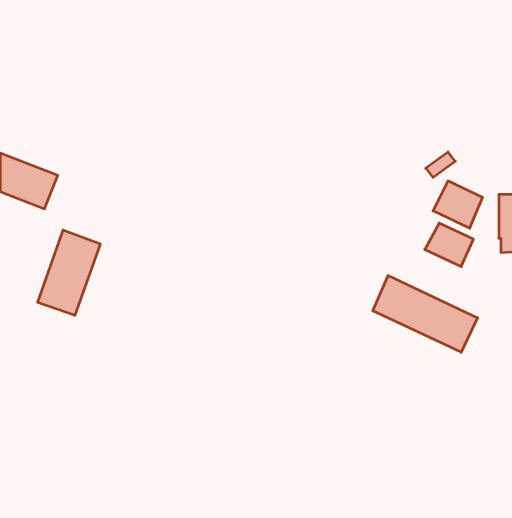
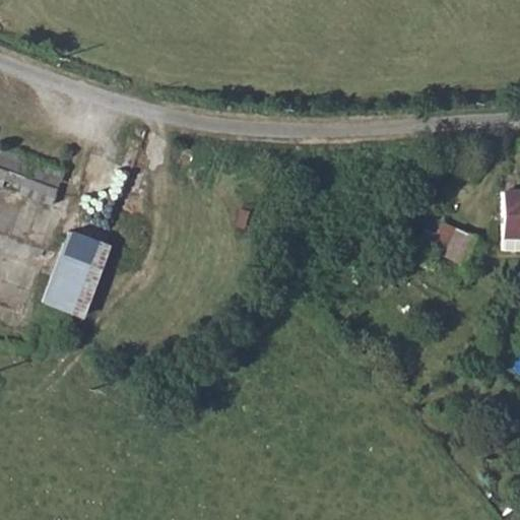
building: [433,181,482,228] -> none
building: [373,276,478,352] -> none

